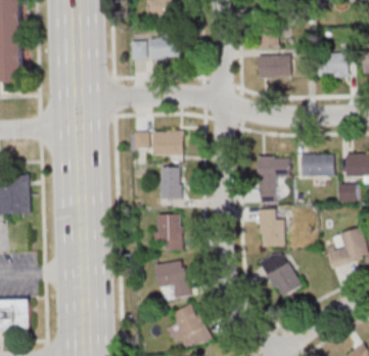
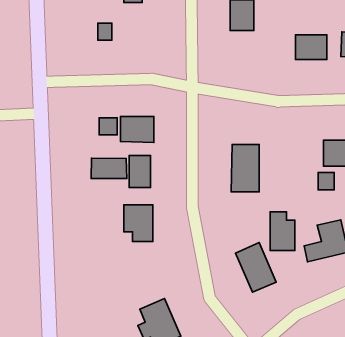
building: [149,35,178,58] -> none
building: [257,56,290,79] -> none
building: [302,155,334,177] -> none
building: none -> [91,158,127,178]
building: [261,210,284,247] -> [270,212,295,250]
building: [154,260,190,298] -> none

